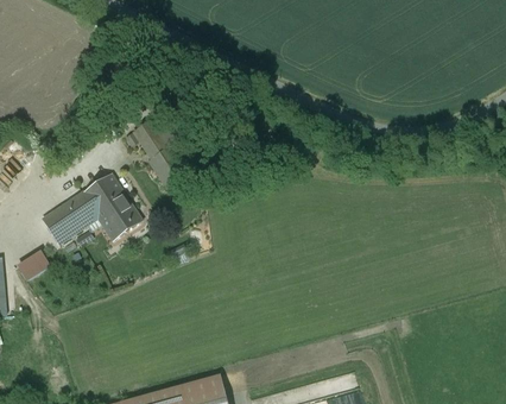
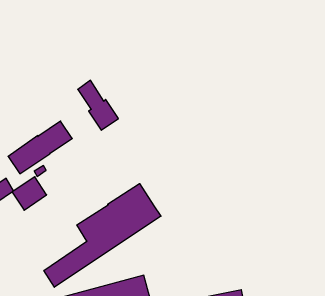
building: [96,197,141,241] -> [12,177,47,210]
building: none -> [44,184,161,287]

